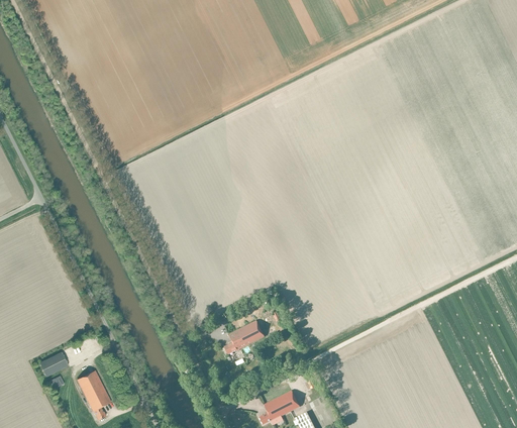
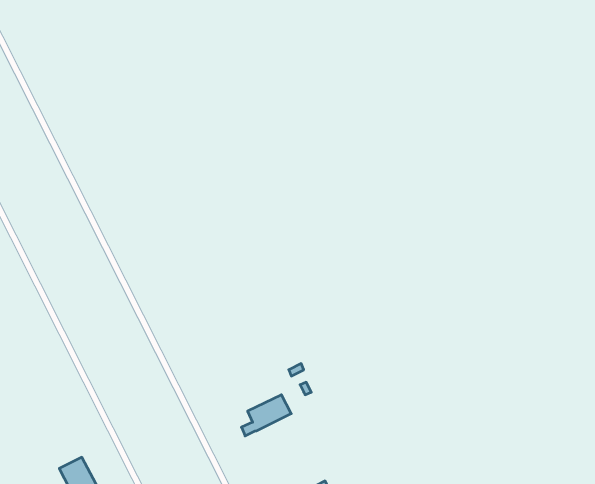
building: [39,352,69,377] -> none

